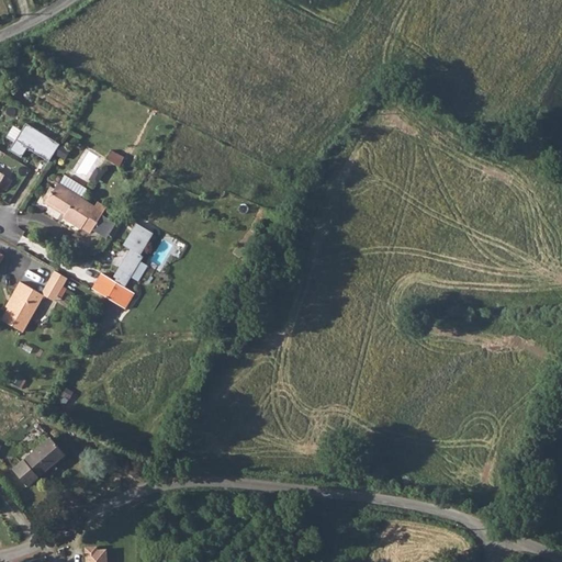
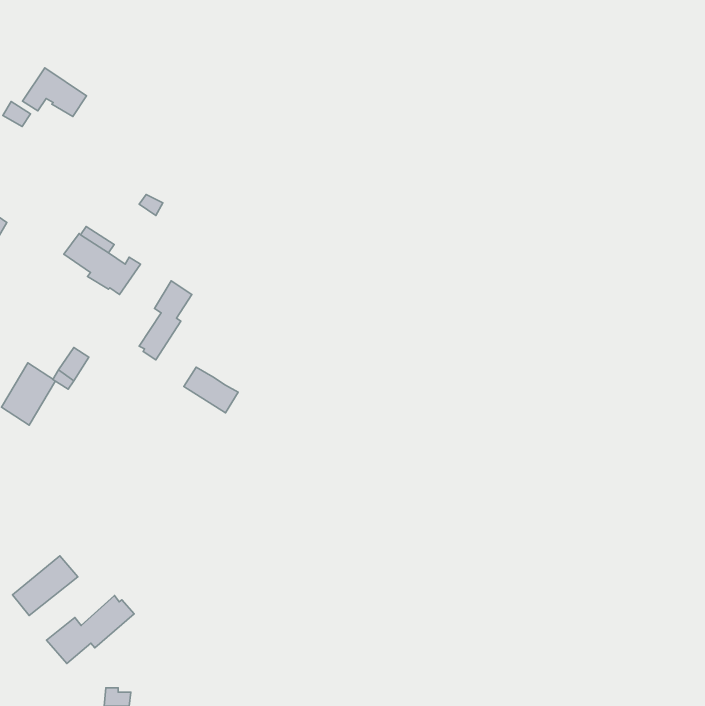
building: [10,124,60,162] -> [23,68,87,117]
building: [90,270,133,306] -> [184,367,238,413]
building: none -> [46,596,134,664]

